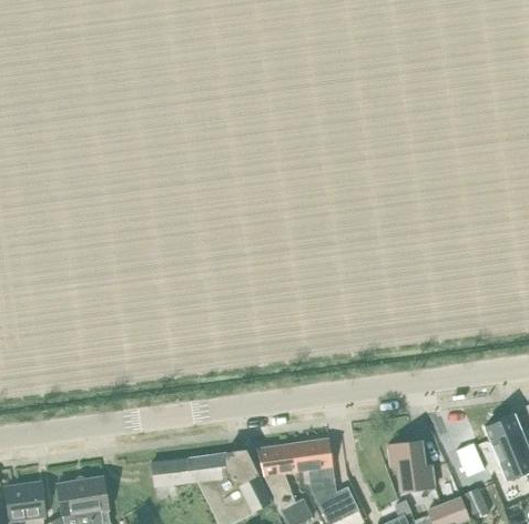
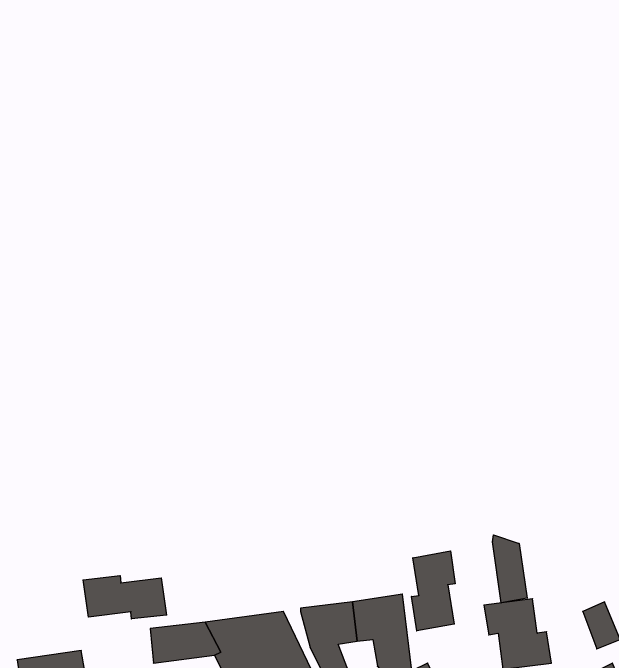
building: none -> [493,535,527,603]
building: none -> [412,551,455,631]
building: none -> [83,576,167,619]

